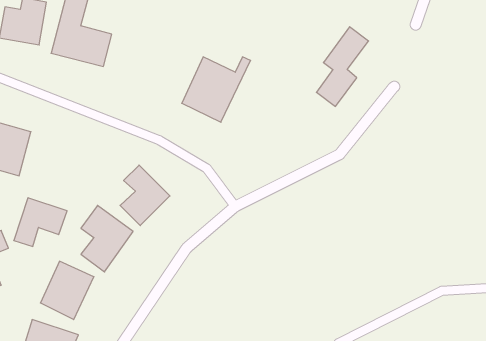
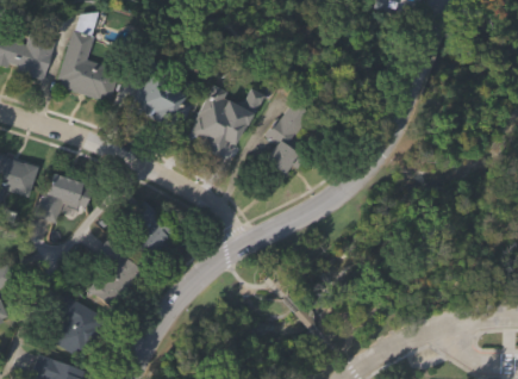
building: [316,27,369,106] -> [260,100,312,180]
building: none -> [131,76,192,132]
building: [14,198,67,246] -> [39,174,93,223]

